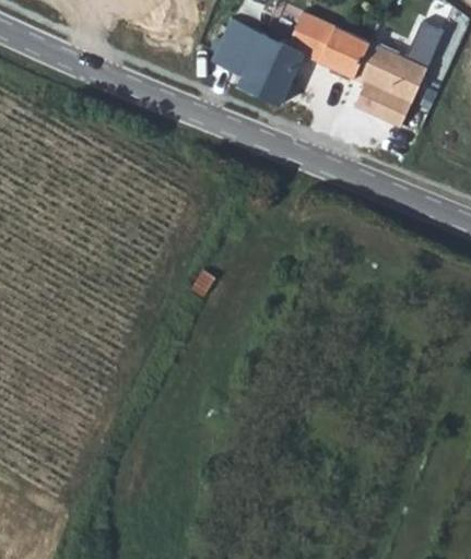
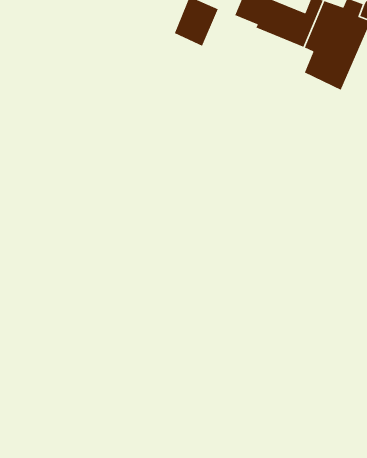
building: [239,34,305,105] -> none

